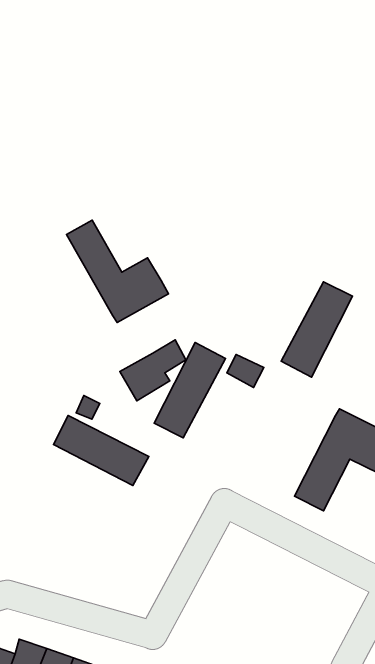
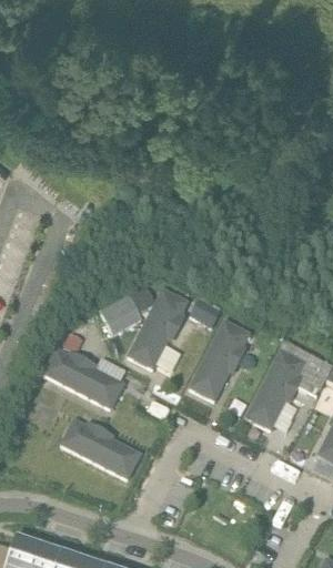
building: [66,220,169,323] -> none
building: [281,282,353,377] -> [191,322,251,402]
building: none -> [62,420,142,480]

